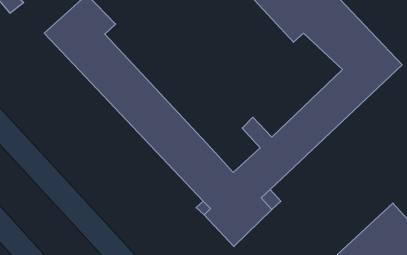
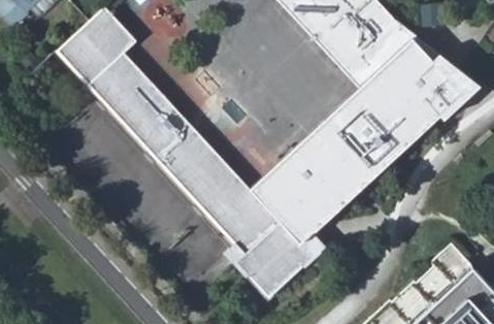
building: none -> [293,52,395,170]
building: none -> [250,160,301,210]

